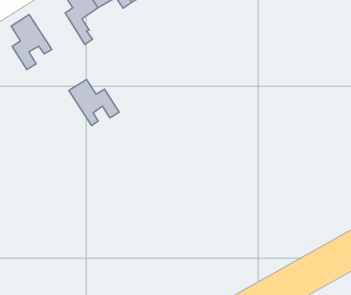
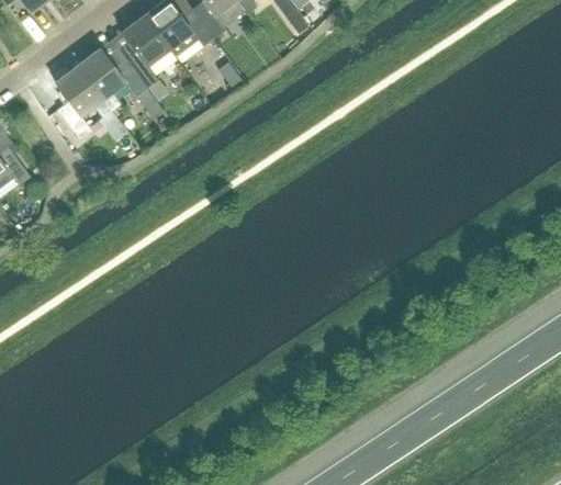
building: [69,80,119,126] -> [78,48,148,110]

